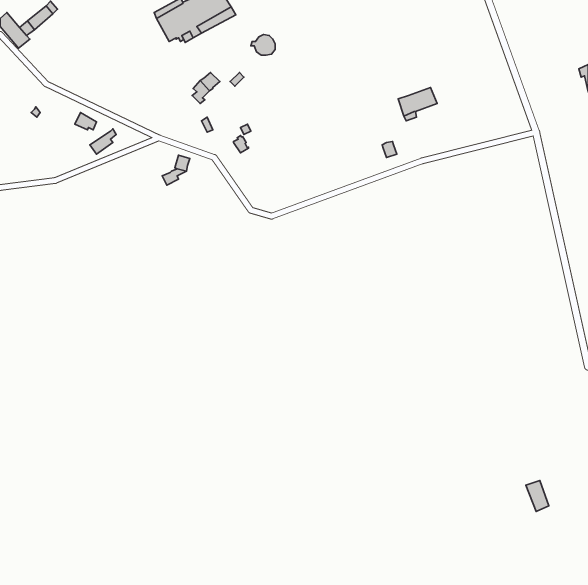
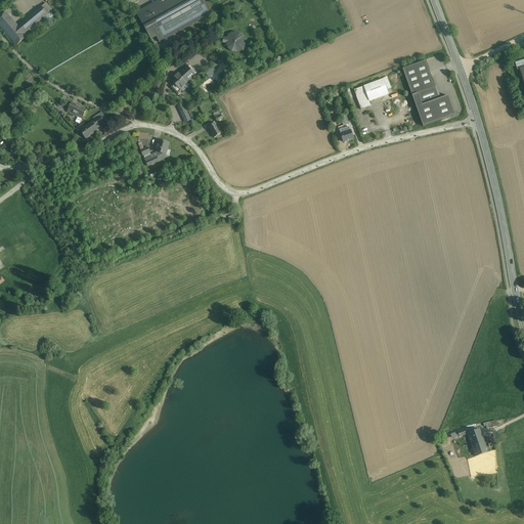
building: none -> [402,58,454,125]

